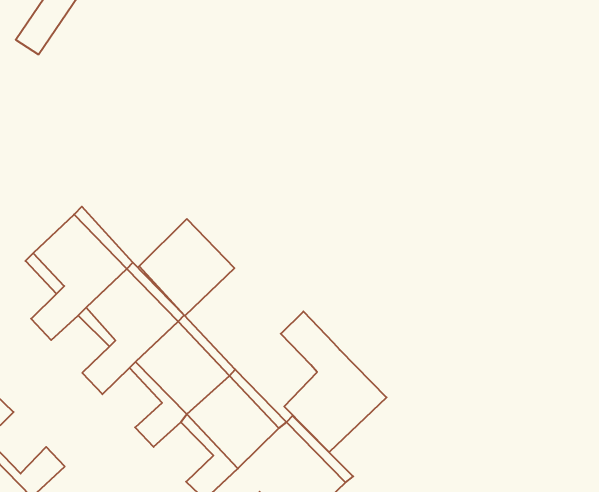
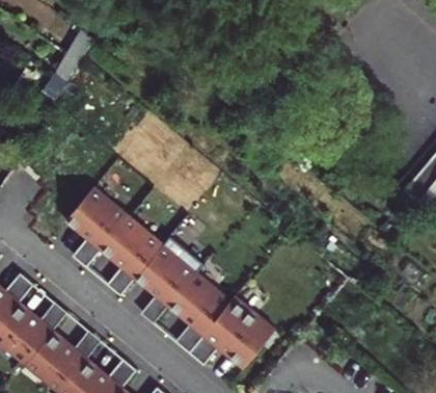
building: [139,219,234,316] -> none
building: [281,311,387,452] -> none

